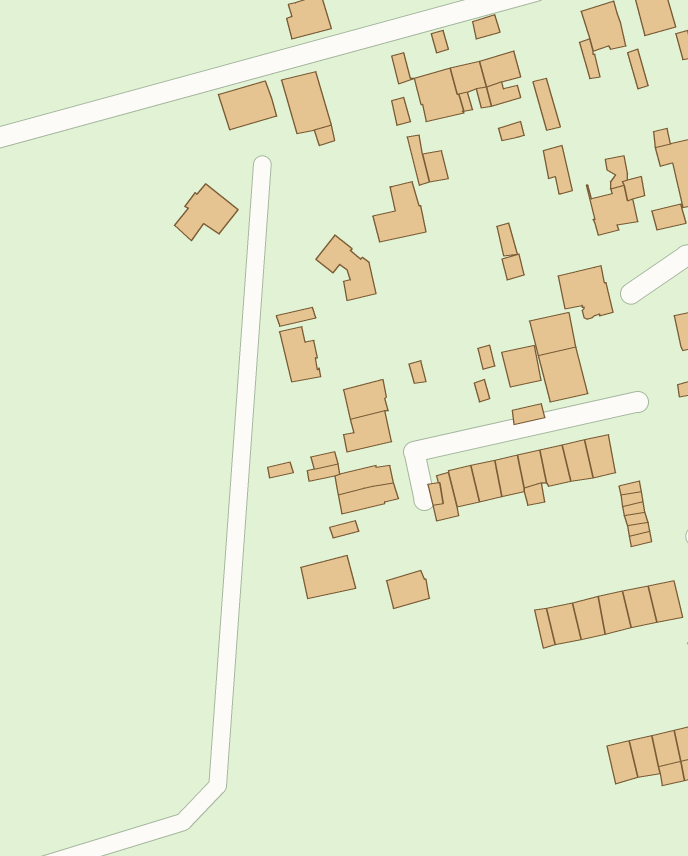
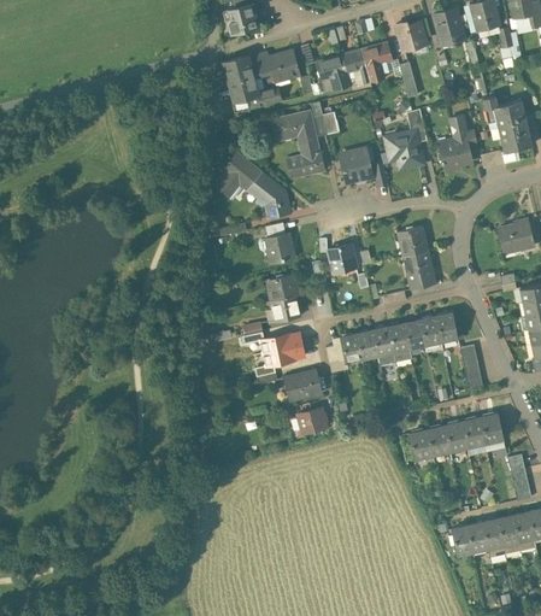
building: none -> [395,22,427,51]
building: none -> [266,51,299,82]
building: [218,81,277,130] -> none
building: none -> [274,111,314,139]
building: [174,184,238,241] -> [216,153,260,193]
building: none -> [339,148,372,182]
building: [558,266,613,319] -> [384,130,423,168]
building: [279,327,321,382] -> [265,222,294,260]
building: [502,346,541,387] -> [329,244,357,272]
building: [301,556,356,599] -> [283,369,322,399]

